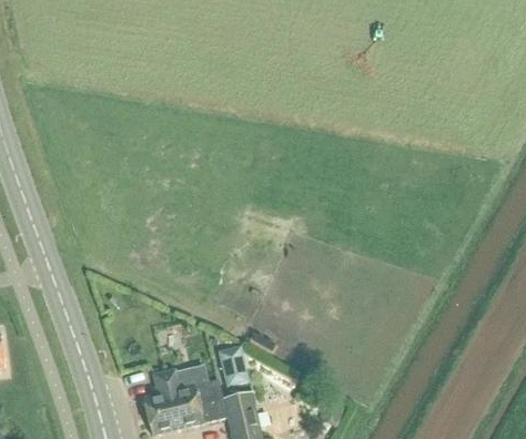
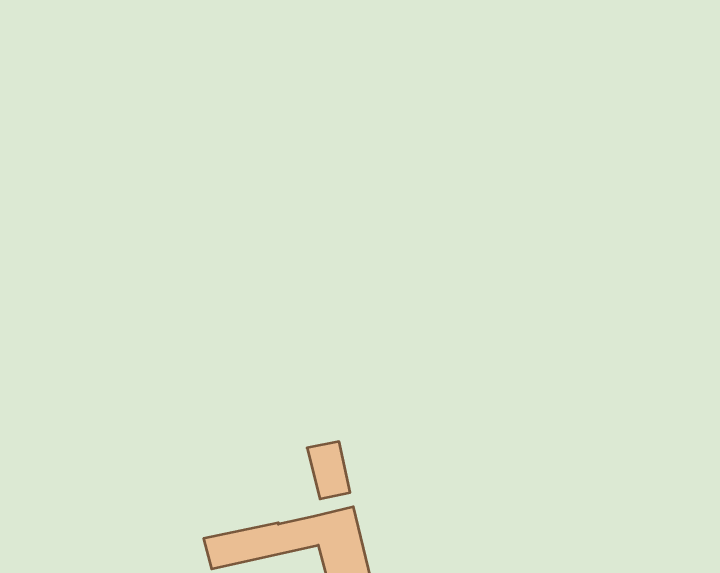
building: [143,367,223,411] -> none

